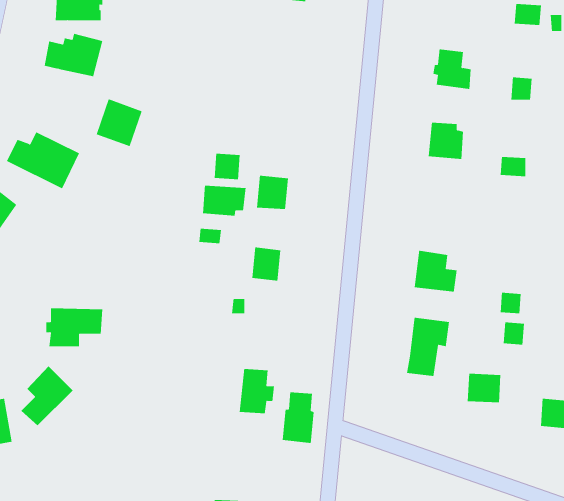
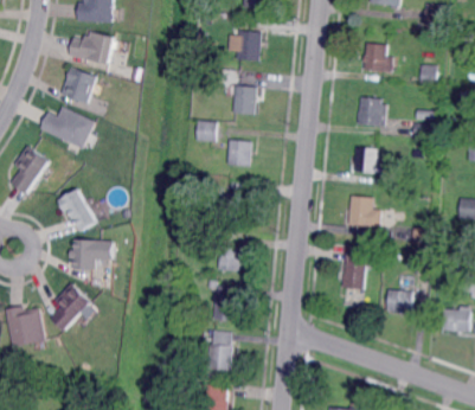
building: none -> [236,32,261,62]
building: [96,99,143,147] -> [59,68,95,104]
building: none -> [233,87,257,115]
building: [203,185,246,216] -> none
building: none -> [353,149,378,175]
building: none -> [54,190,94,232]
building: none -> [217,239,240,274]
building: [282,392,315,443] -> [208,332,233,371]

